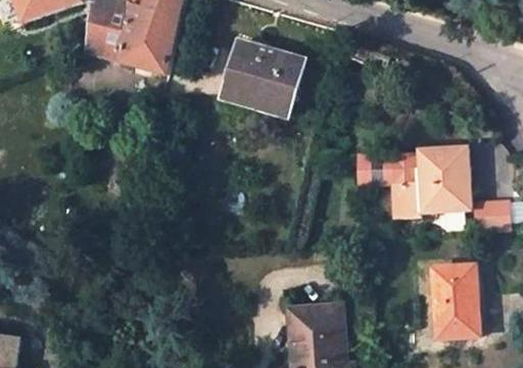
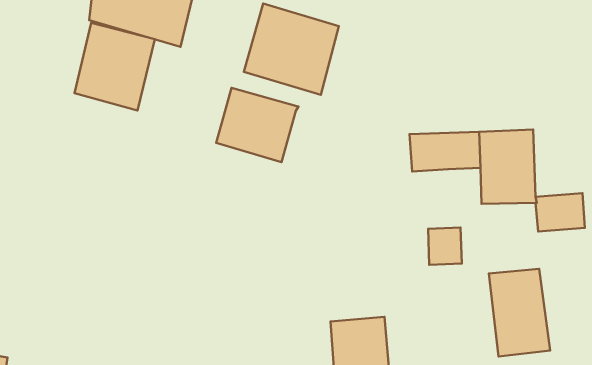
building: none -> [75,23,155,111]
building: none -> [216,88,298,162]
building: [392,178,421,210] -> [428,228,462,265]

